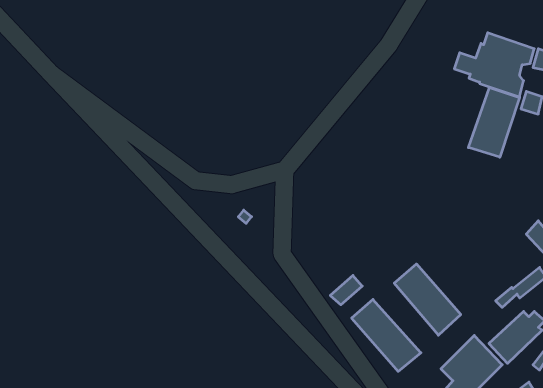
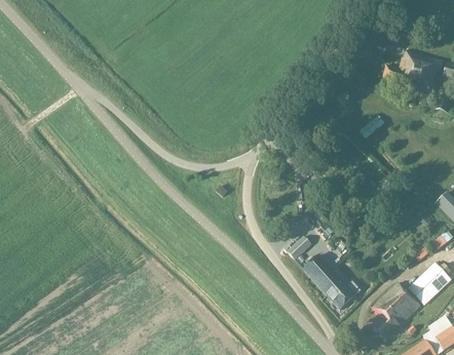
building: [468,88,520,157] -> none
building: [394,264,461,335] -> none

